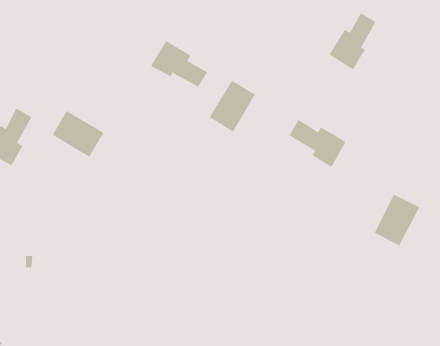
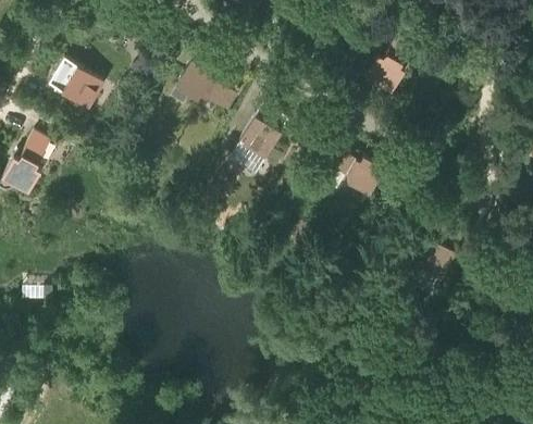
building: [52,110,104,157] -> [47,60,102,110]

